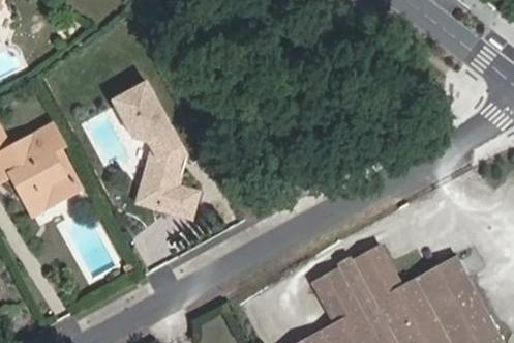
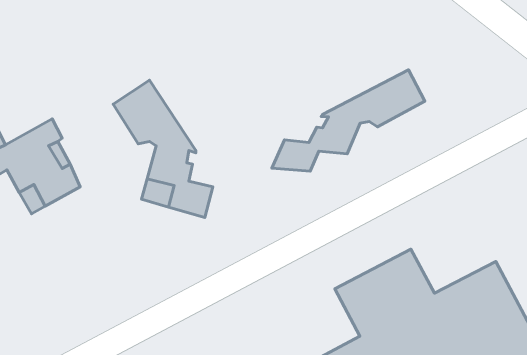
building: none -> [272,70,425,171]

